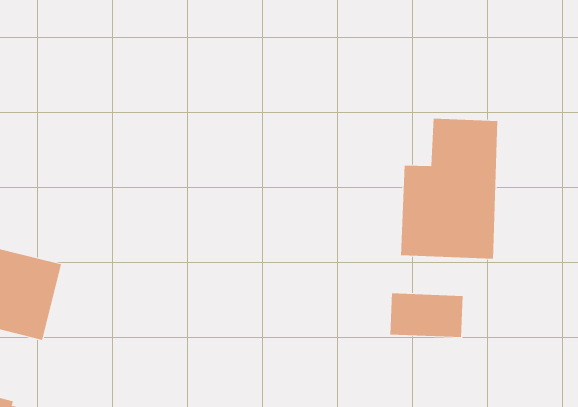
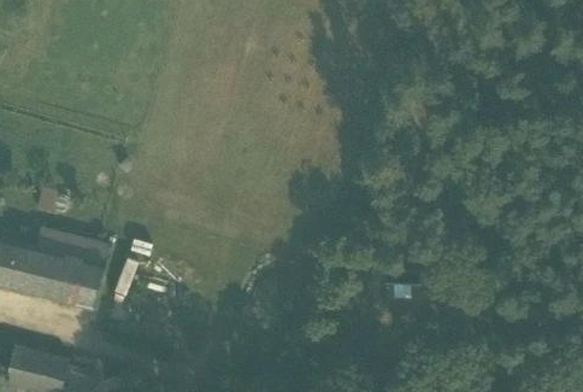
building: [401,118,498,260] -> none

